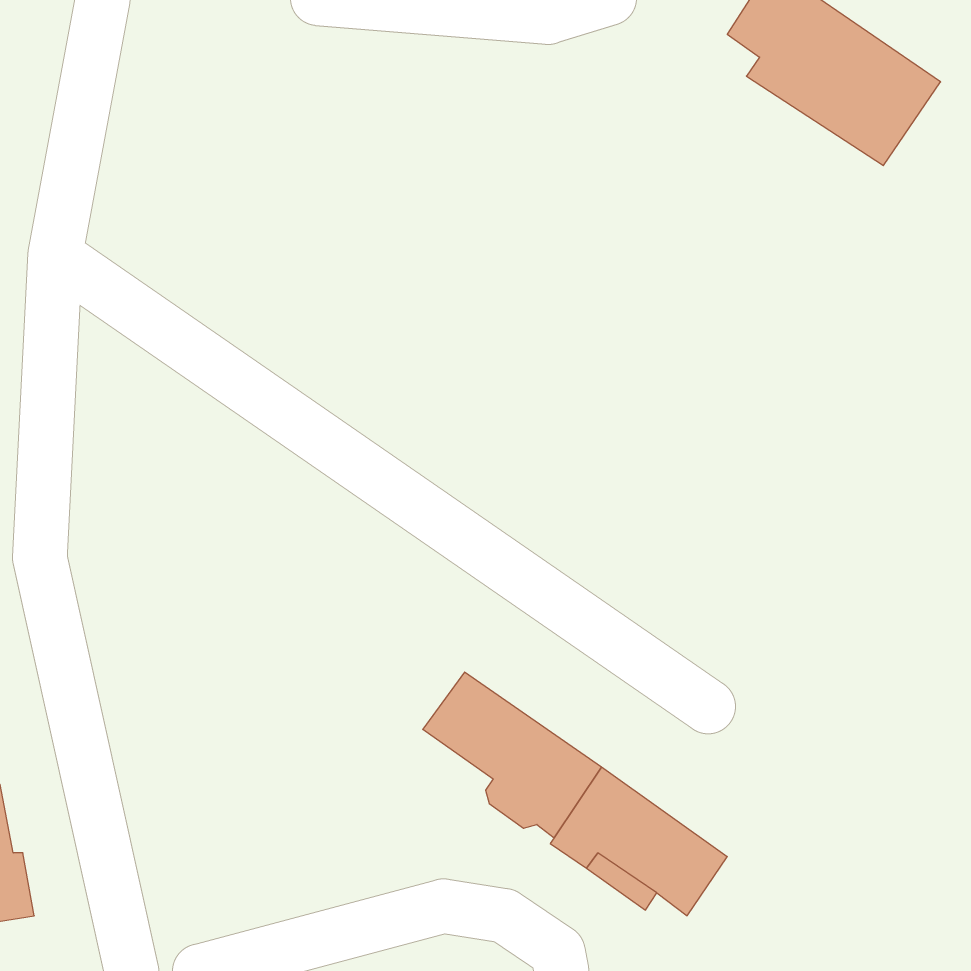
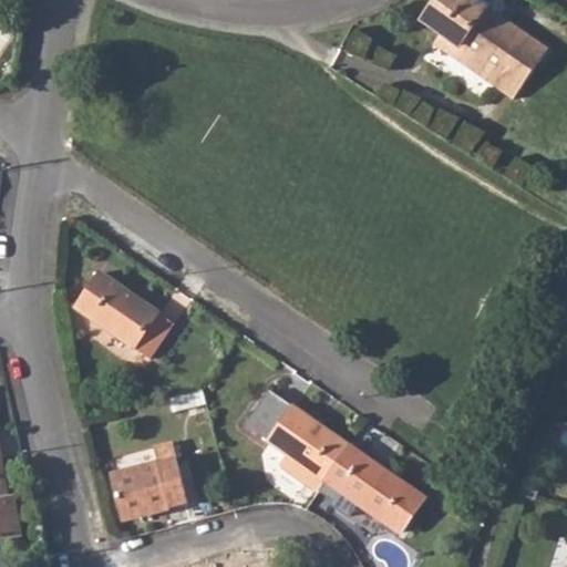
building: none -> [75,270,172,355]
building: none -> [106,443,187,519]

